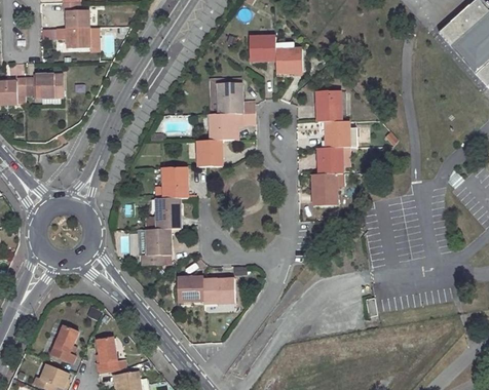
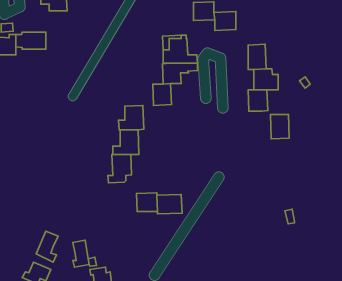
building: [313,174,337,205] -> [270,114,289,139]

